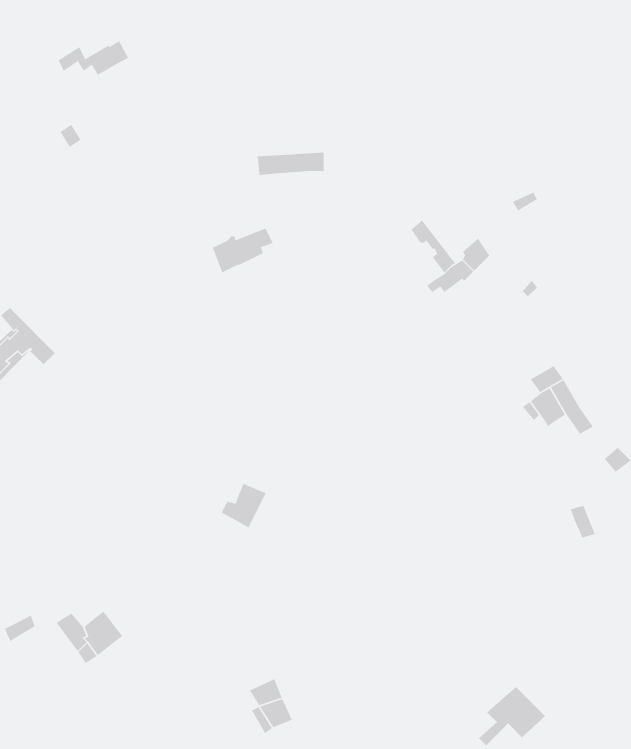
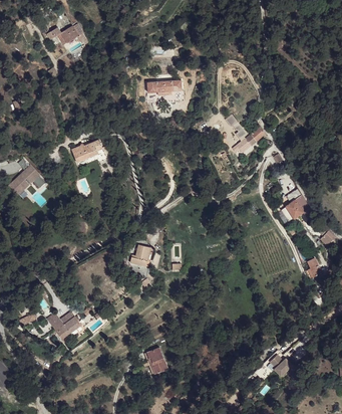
building: [212,228,274,273] -> [72,141,103,164]

